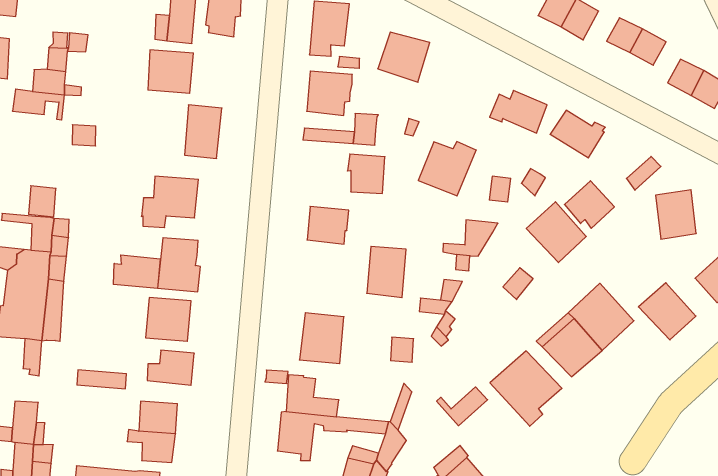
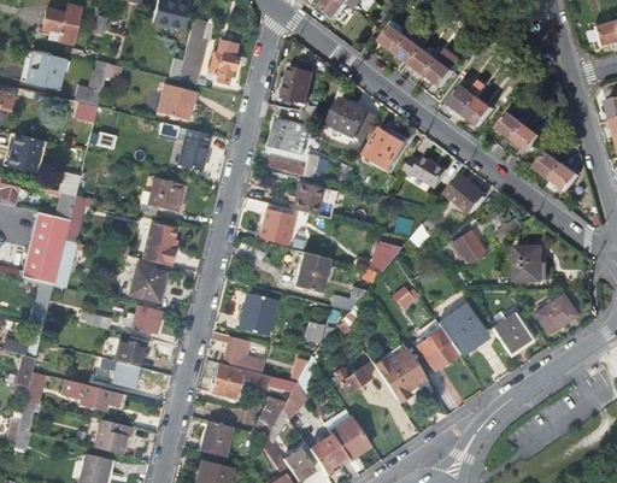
building: [418,142,476,196] -> [366,129,412,171]
building: [526,202,586,263] -> none
building: [113,255,160,288] -> none

